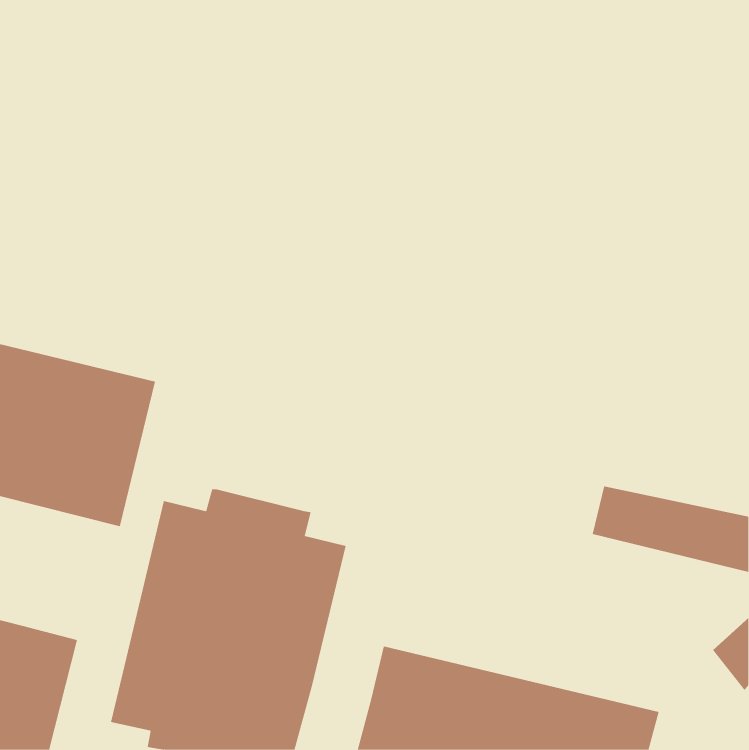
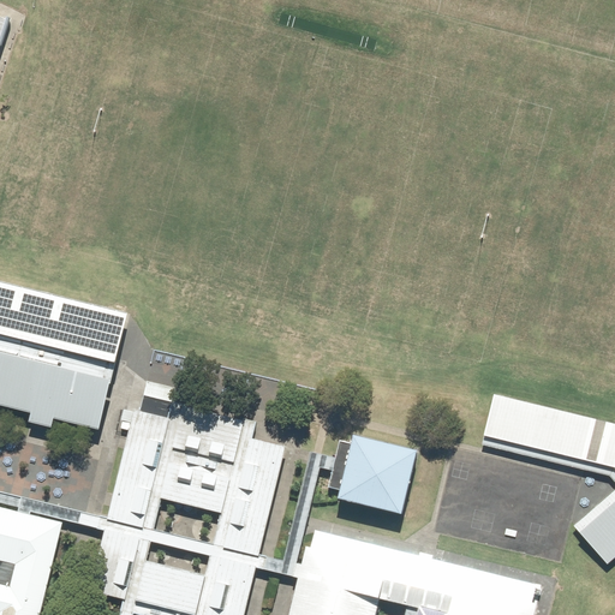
building: none -> [338,436,416,515]

